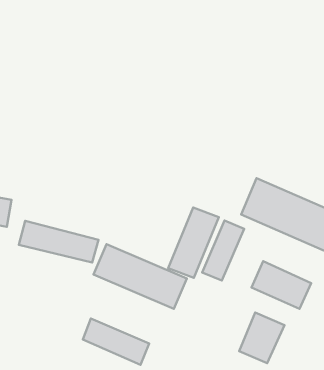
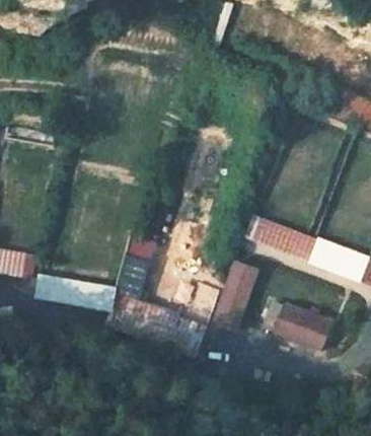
building: [239,312,284,363] -> none
building: [83,319,149,365] -> none

